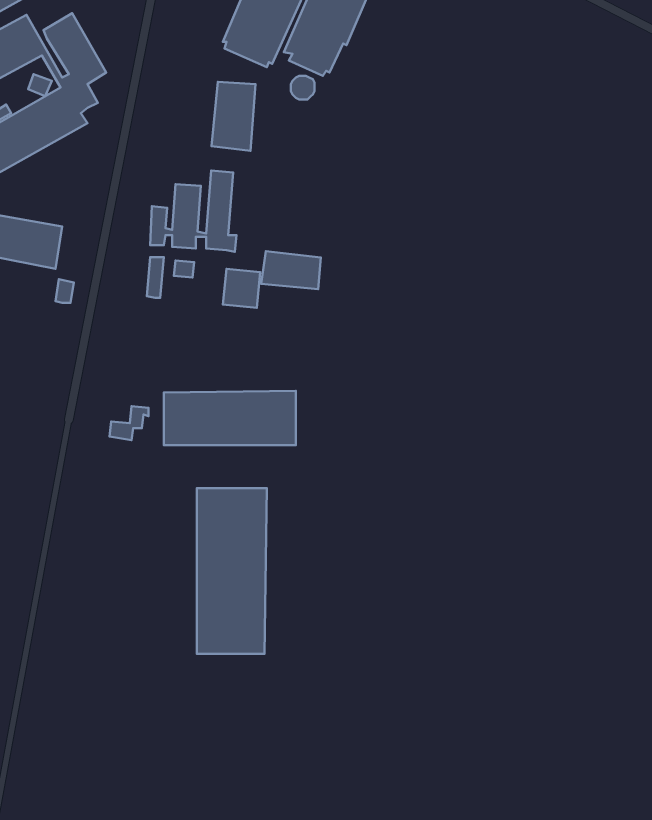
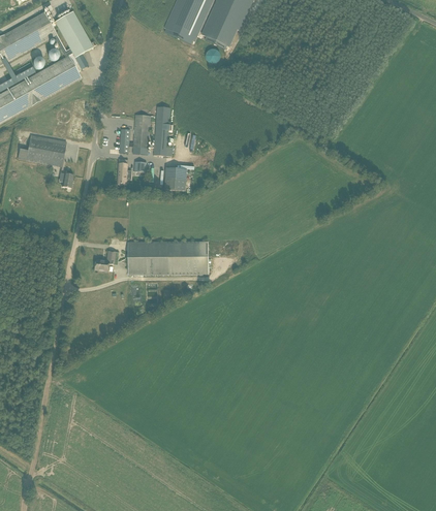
building: [212,82,256,151] -> none
building: [261,251,321,289] -> none
building: [197,488,267,654] -> none

